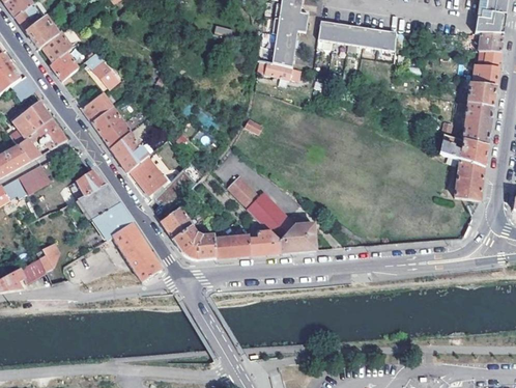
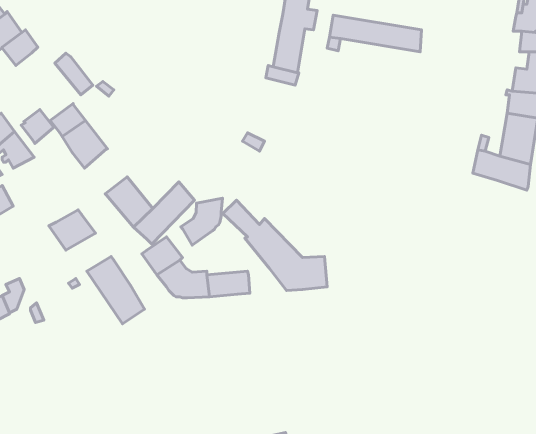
building: [50,52,77,81] -> [21,109,53,144]
building: [110,133,147,173] -> none
building: [454,160,484,200] -> none
building: [76,169,105,195] -> none
building: none -> [181,198,223,245]
building: [94,204,133,240] -> none
building: [249,233,281,255] -> none

